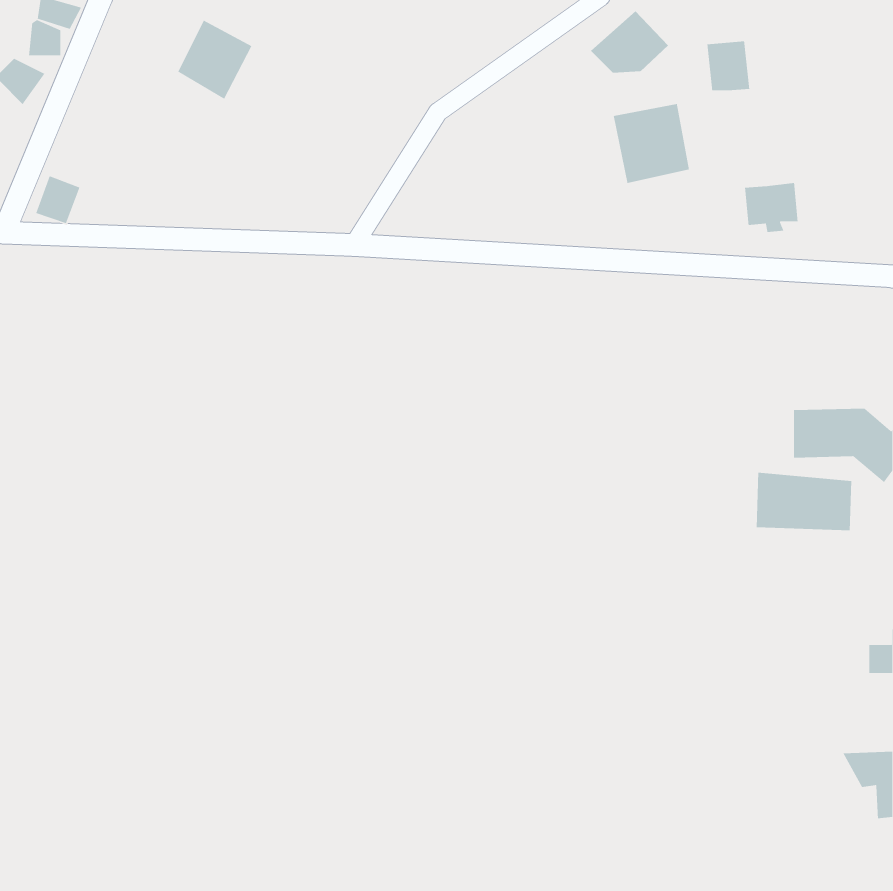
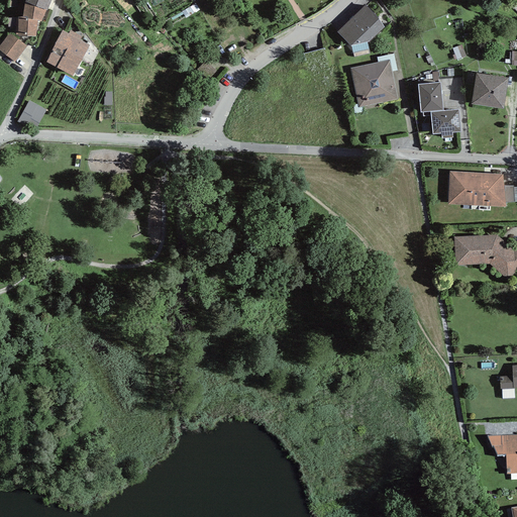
building: [177,19,252,100] -> [45,27,89,74]
building: [706,40,750,91] -> [417,79,442,108]
building: none -> [475,72,509,105]
building: [756,472,852,531] -> [449,171,505,205]

